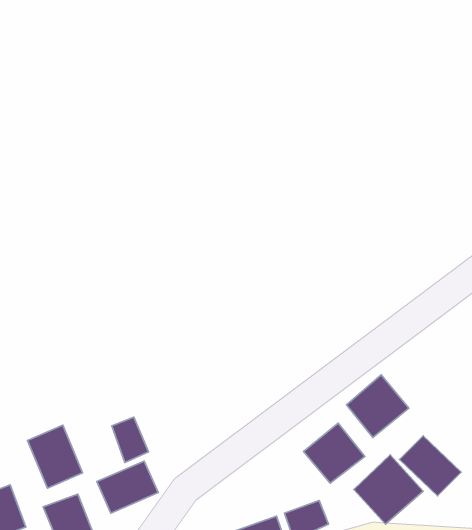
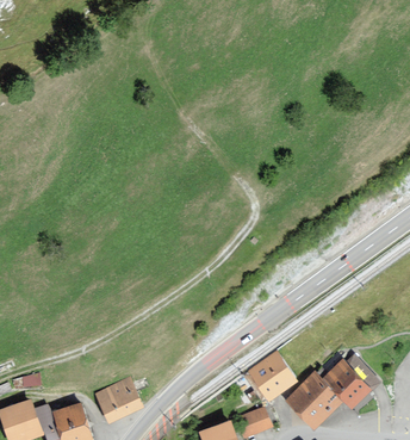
building: [346,375,409,437] -> none
building: [112,417,149,462] -> none
building: [28,425,83,488] -> none

